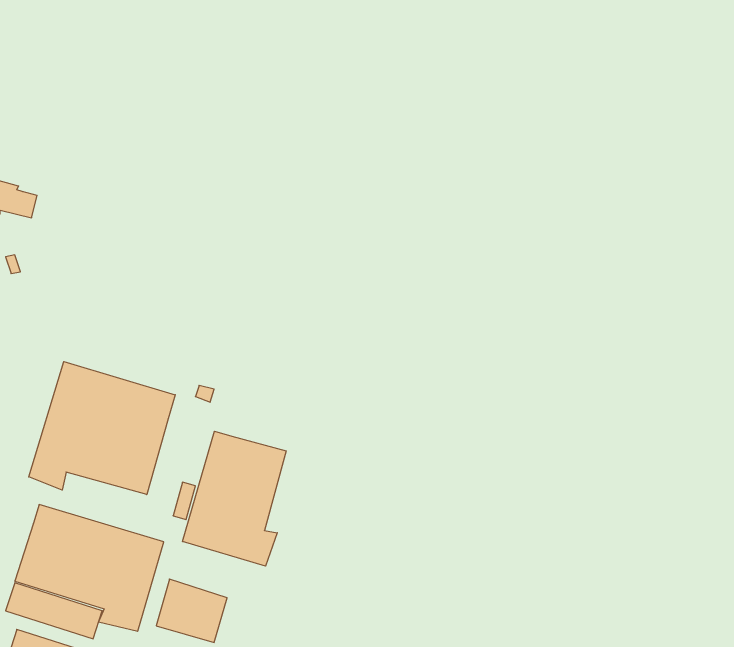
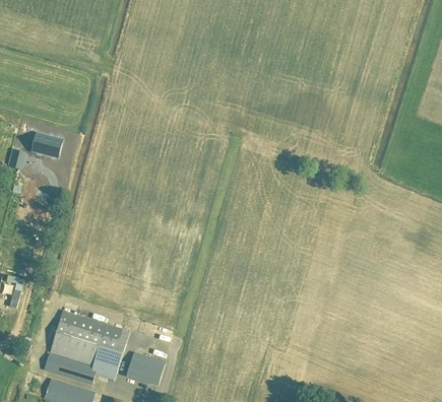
building: [29,362,175,495] -> none
building: [183,431,286,566] -> none

